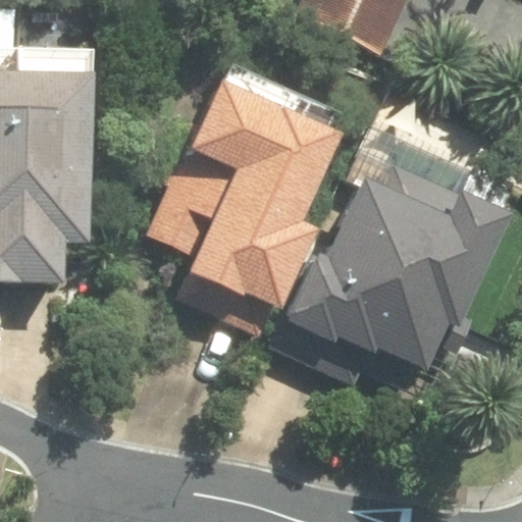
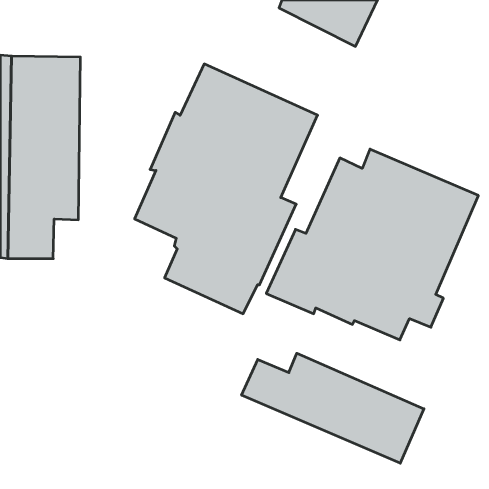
building: none -> [242,353,424,463]

